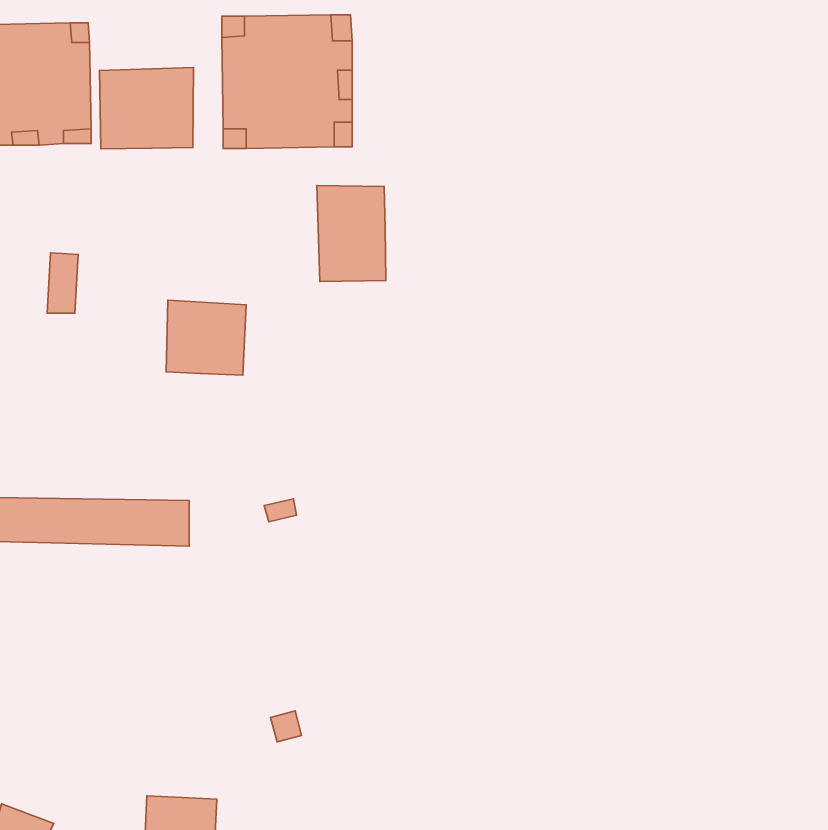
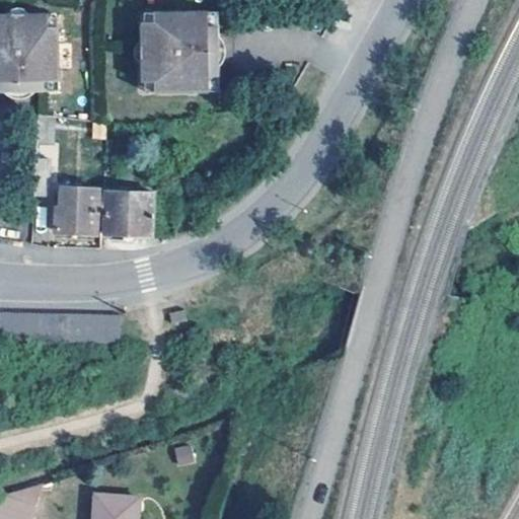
building: [99,67,193,149] -> none
building: [317,186,386,282] -> none
building: none -> [54,187,100,232]

